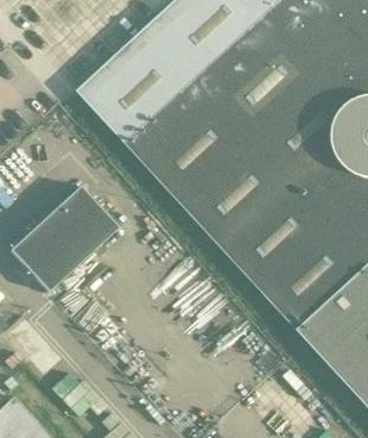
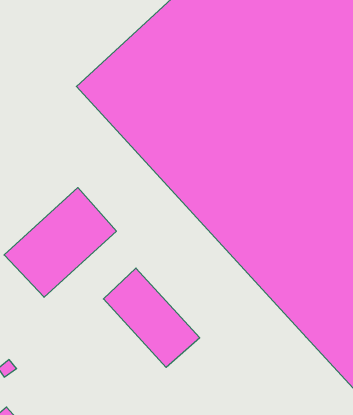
building: none -> [103,268,200,367]

